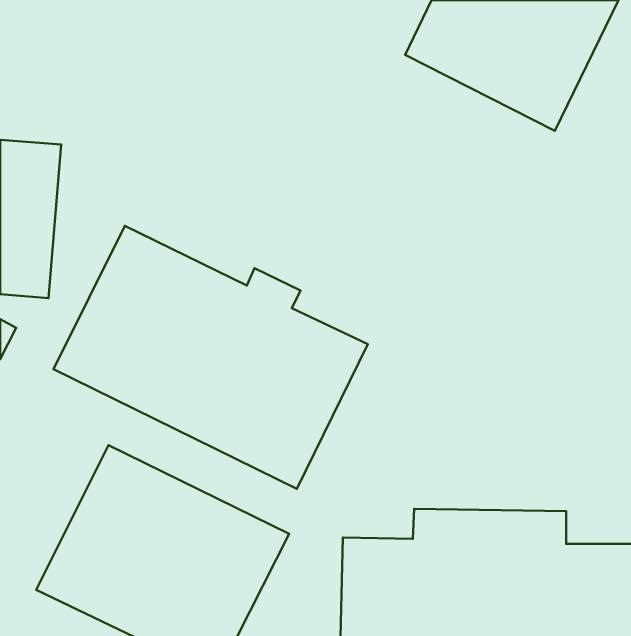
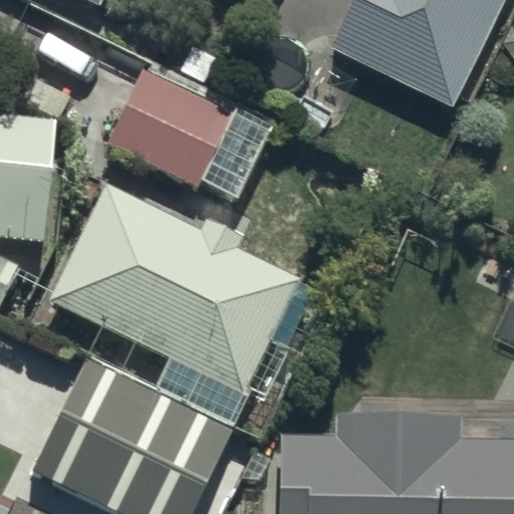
building: none -> [106,46,261,204]

